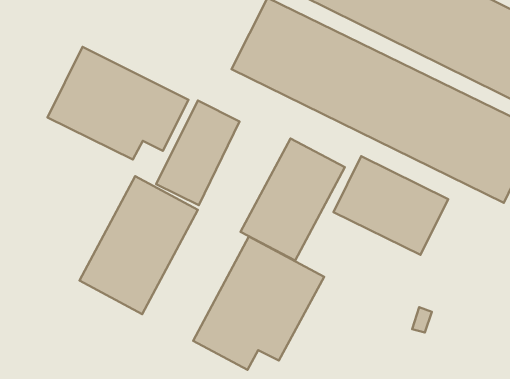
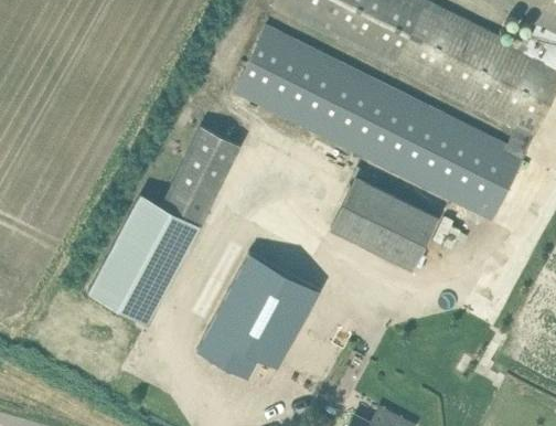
building: [47,47,188,160] -> none
building: [241,138,345,260] -> none

